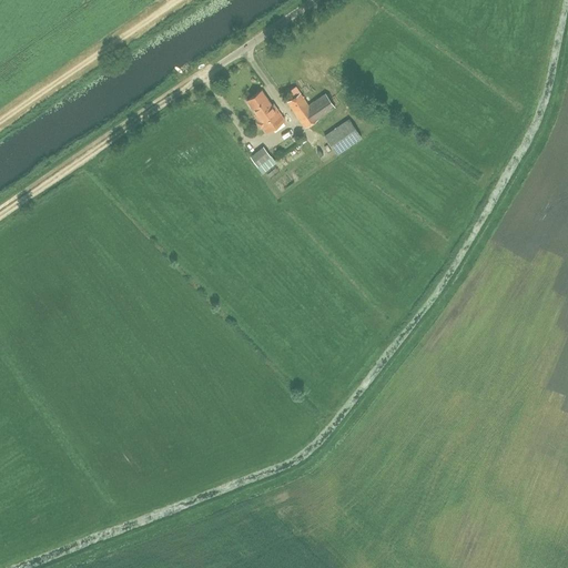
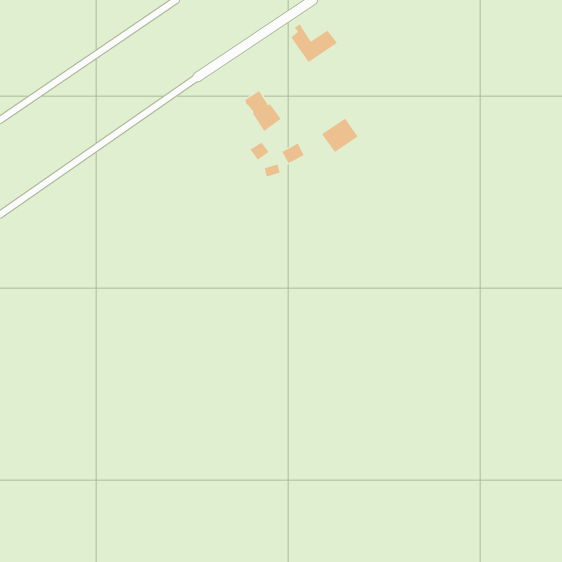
building: [287,88,335,128] -> [290,23,338,63]

